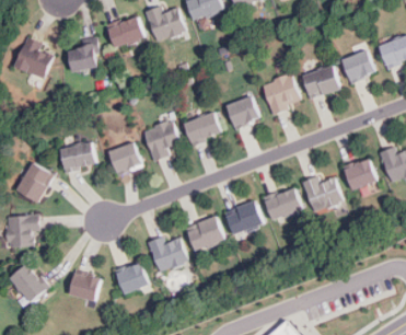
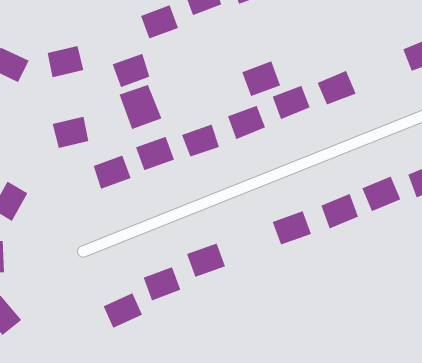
building: [111,18,144,48] -> [112,53,150,88]
building: [341,50,376,81] -> none
building: none -> [242,61,281,97]
building: none -> [119,84,162,130]
building: [61,141,94,170] -> [52,116,89,149]
building: [227,201,260,232] -> none
building: [68,273,101,302] -> none

